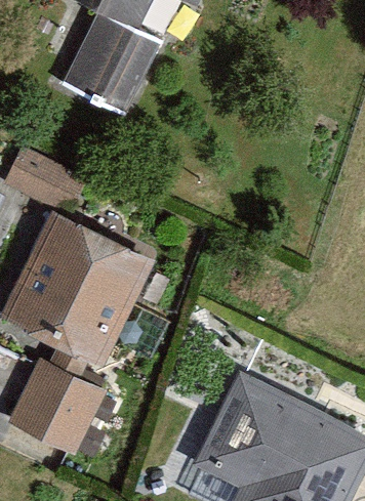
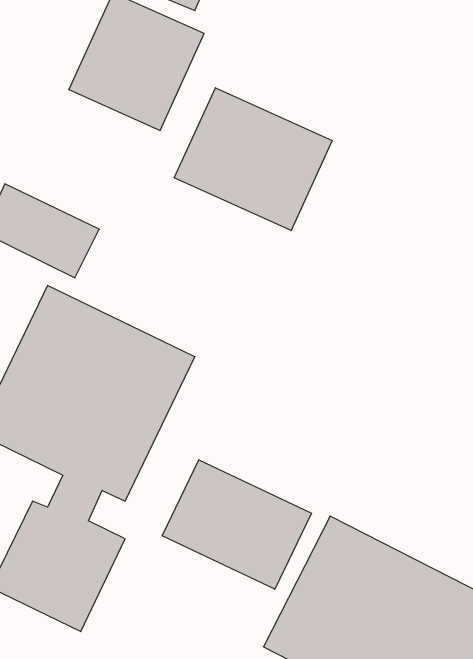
building: none -> [174,88,332,231]
building: none -> [162,460,311,589]

